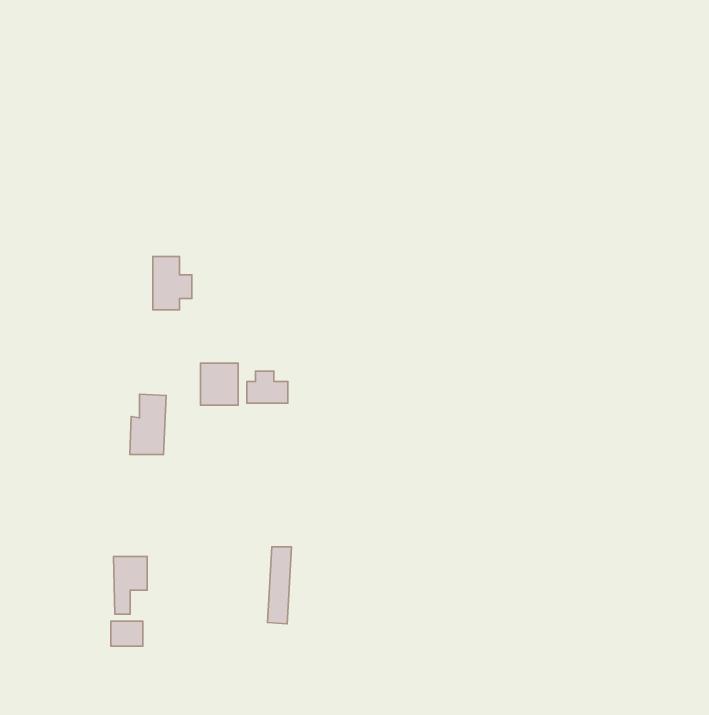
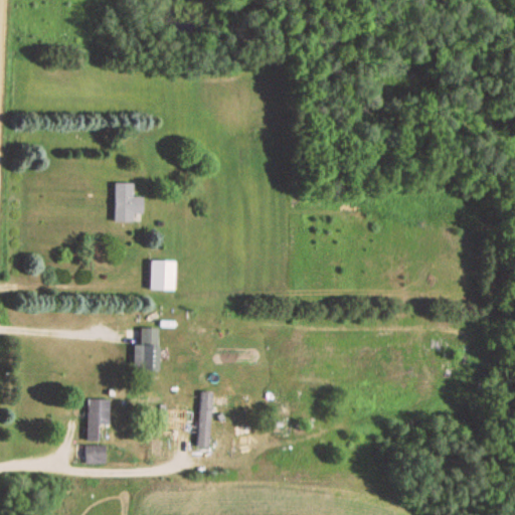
building: [247,371,288,403] -> none
building: [130,394,166,454] -> [133,328,159,371]

